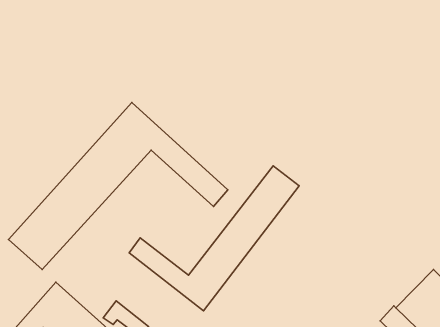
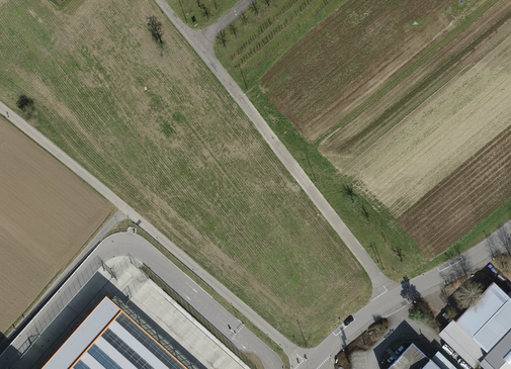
building: [9,102,228,269] -> none
building: [129,166,299,311] -> none

